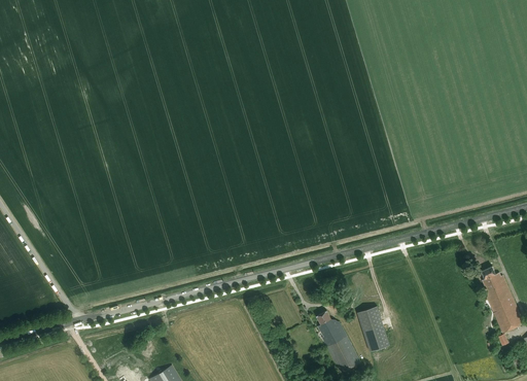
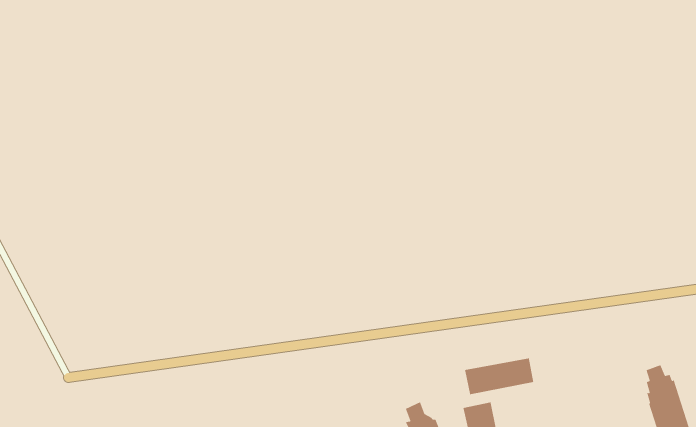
building: none -> [464,358,534,395]

